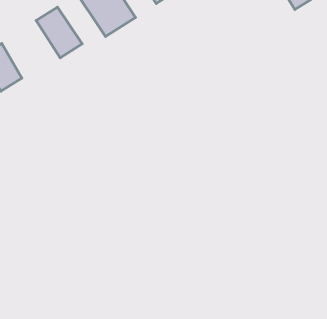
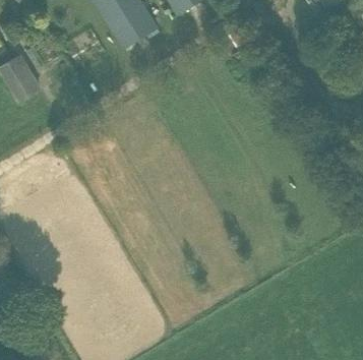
building: [36,7,82,58] -> none

